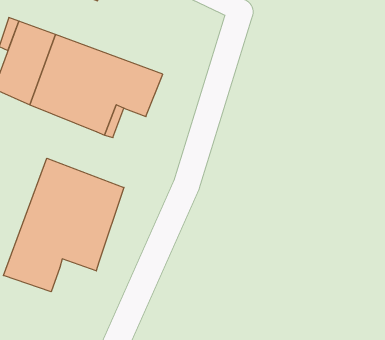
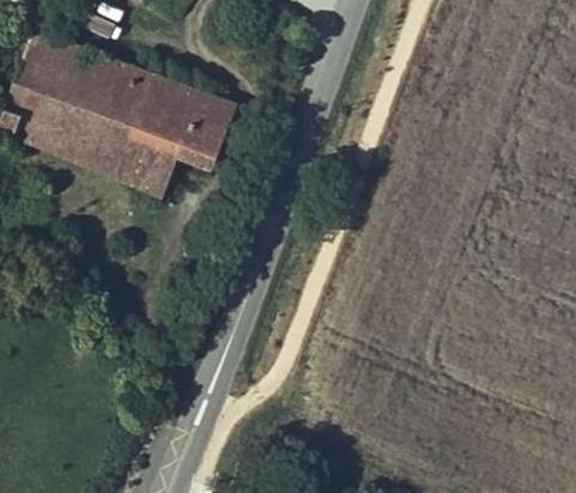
building: [3,158,124,292] -> none

